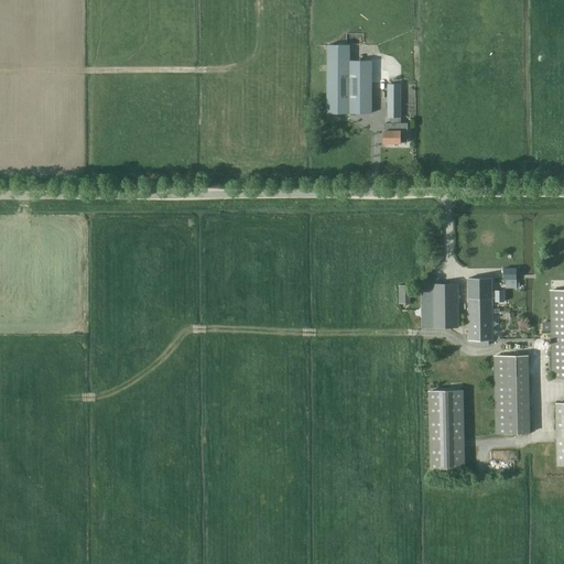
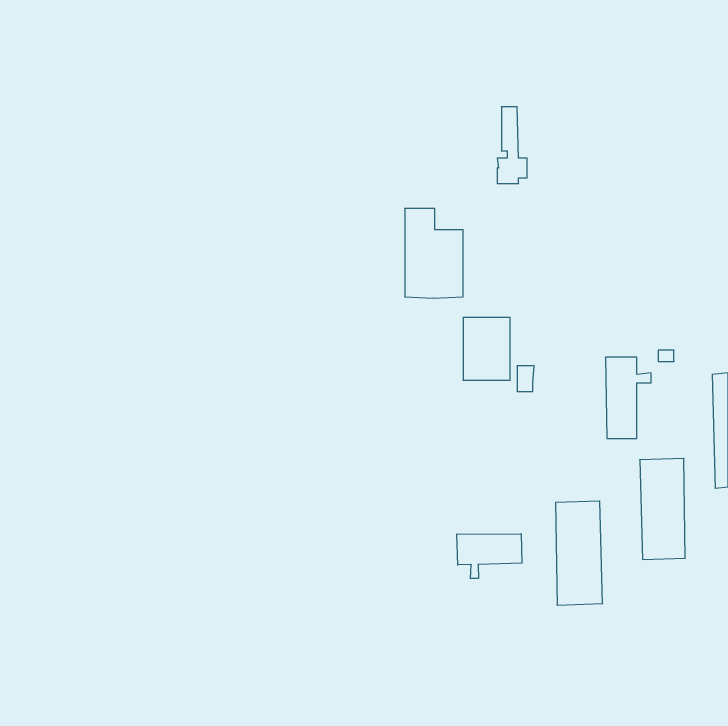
building: [327,43,372,112] -> [405,208,463,298]
building: [423,284,459,333] -> [463,318,510,380]
building: none -> [457,534,522,579]

